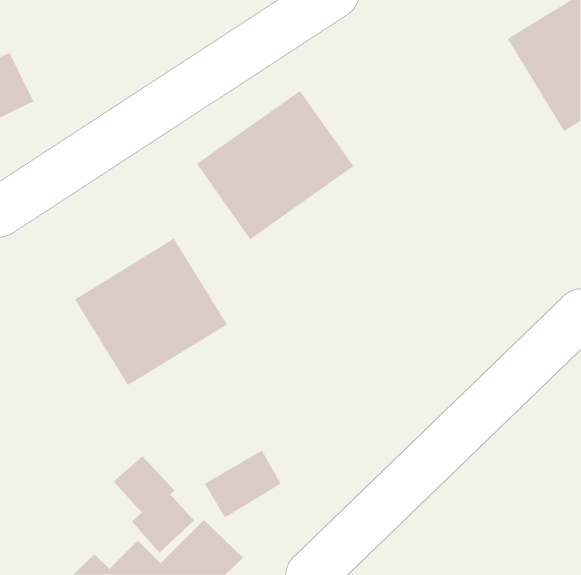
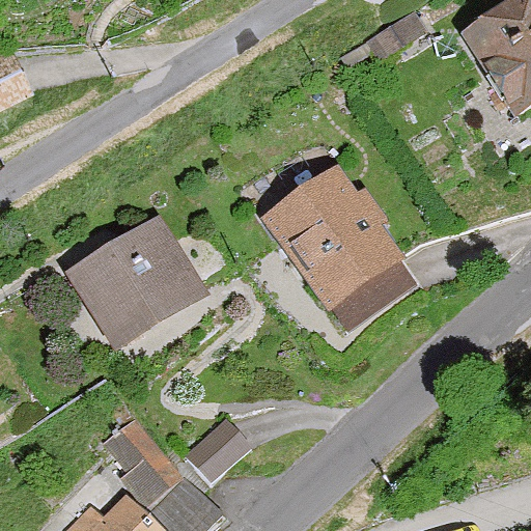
building: [196,90,354,240] -> none
building: none -> [260,164,411,330]

